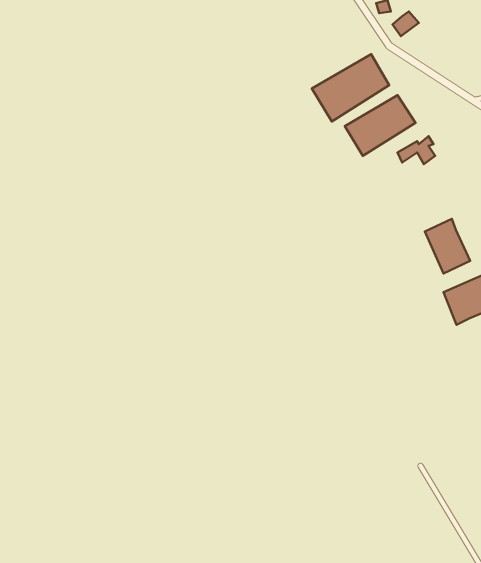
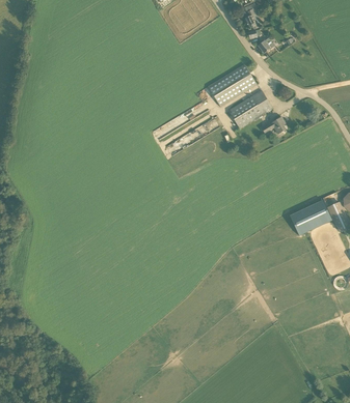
building: [425,219,470,274] -> none

